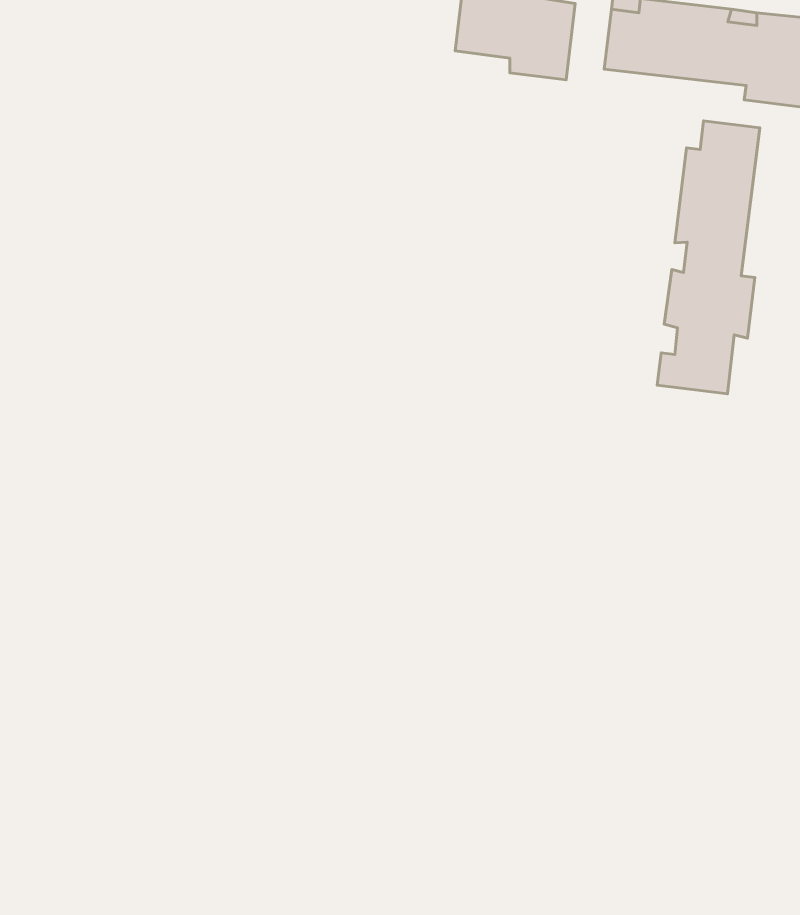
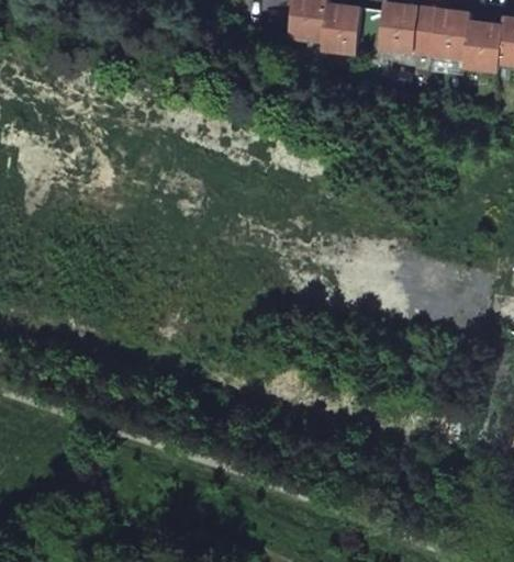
building: [657,121,760,394] -> none

